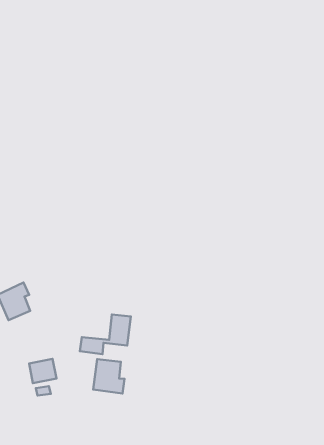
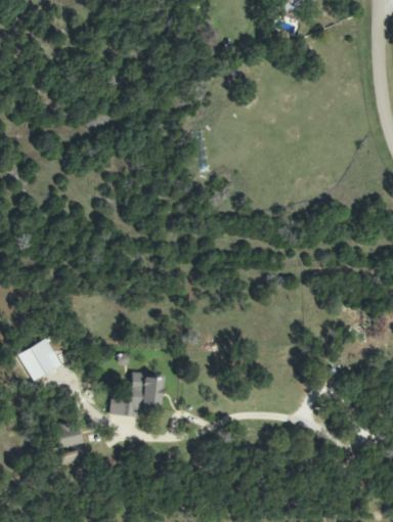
building: [93,359,124,394] -> none

